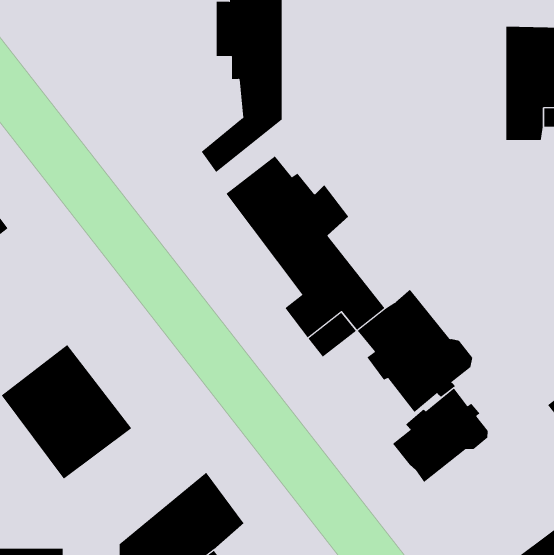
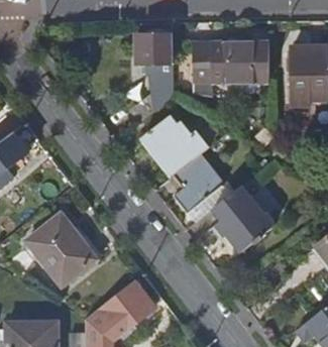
building: none -> [194,42,268,82]
building: [392,388,488,483] -> none

